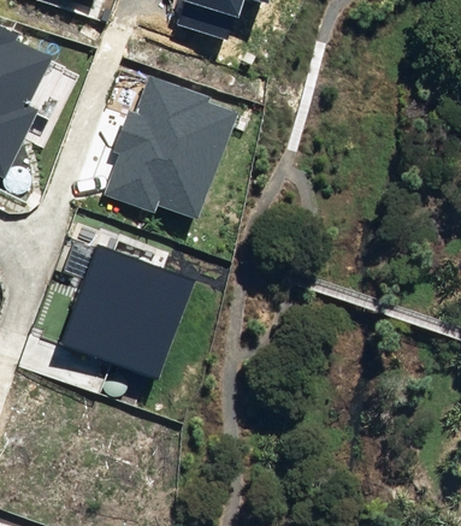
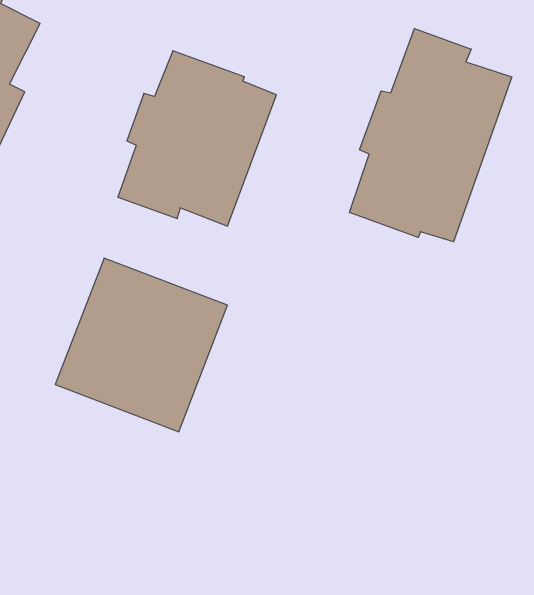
building: none -> [350,28,512,242]

